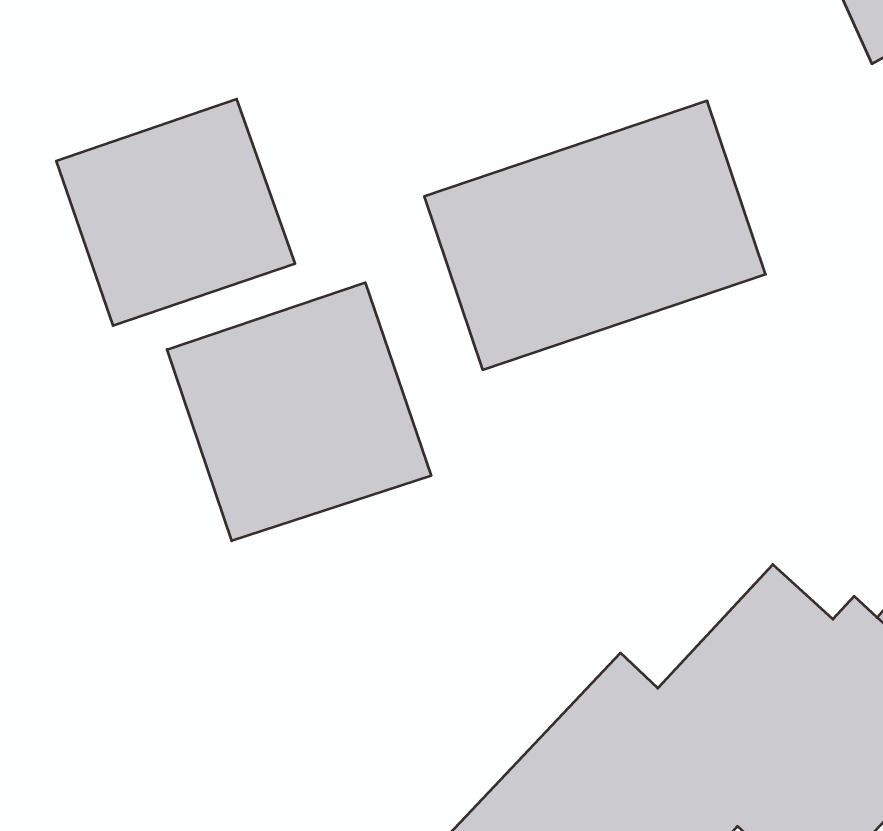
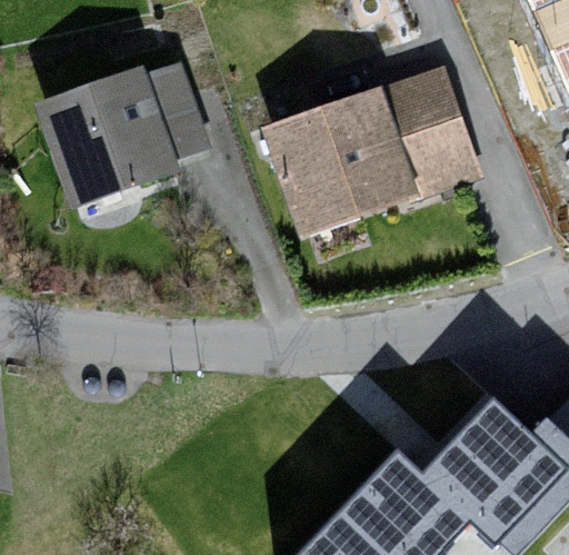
building: [167,283,431,541] -> none

